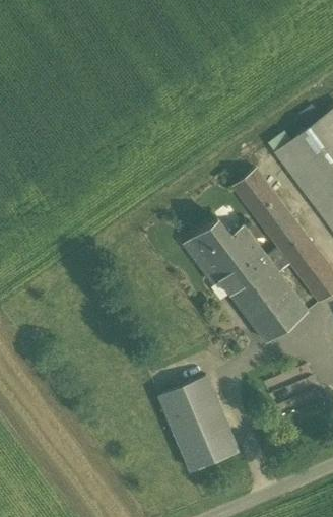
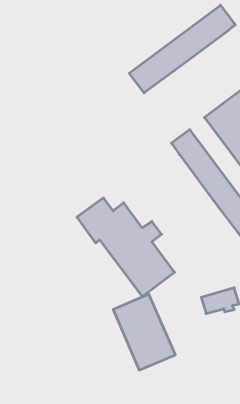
building: none -> [129,5,235,93]
building: [185,218,308,342] -> [77,198,175,296]

